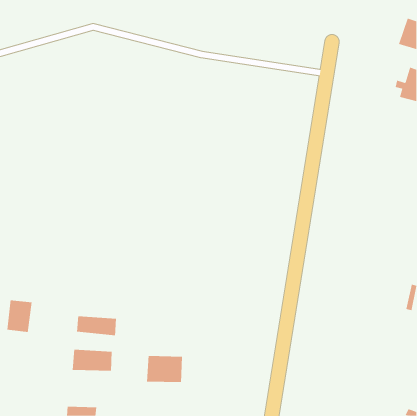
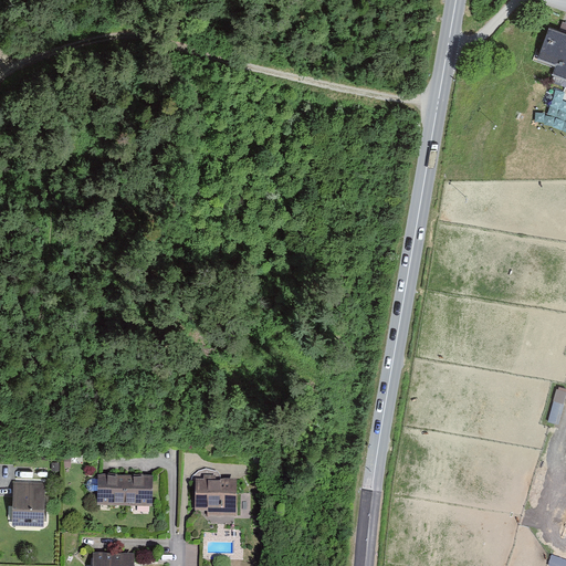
building: [7,300,33,332] -> [12,478,48,522]
building: [77,316,116,336] -> none

